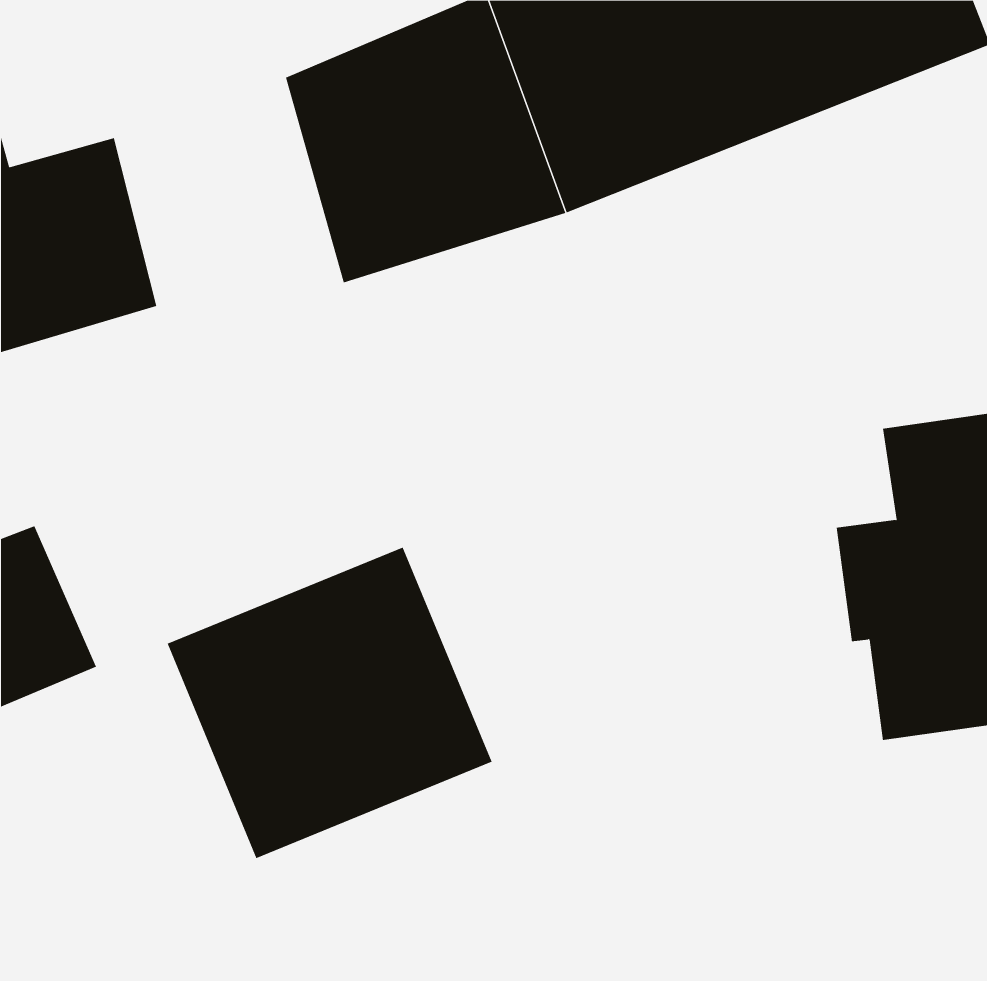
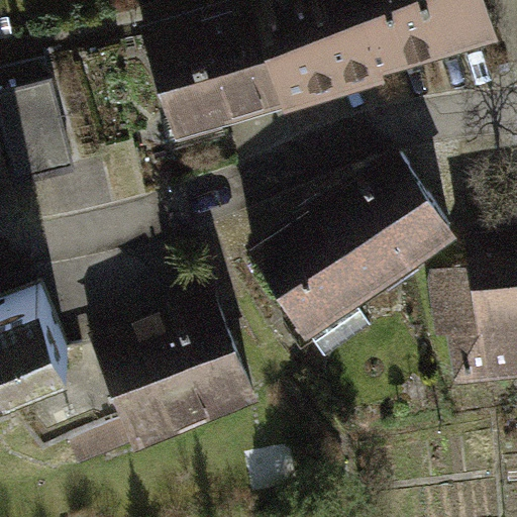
building: none -> [246,145,457,338]

